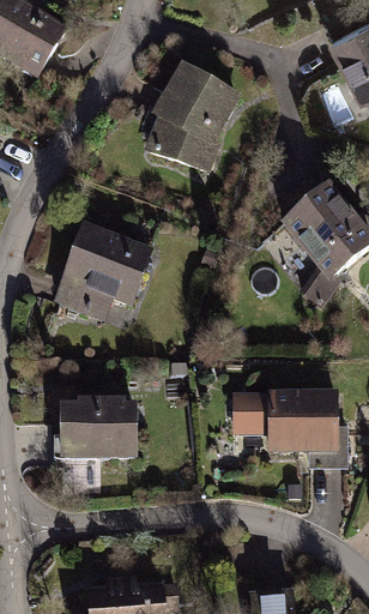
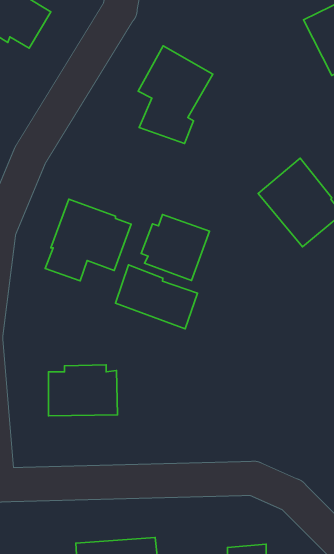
building: none -> [141,214,210,281]
building: none -> [116,265,198,329]
building: [234,395,346,463] -> none

